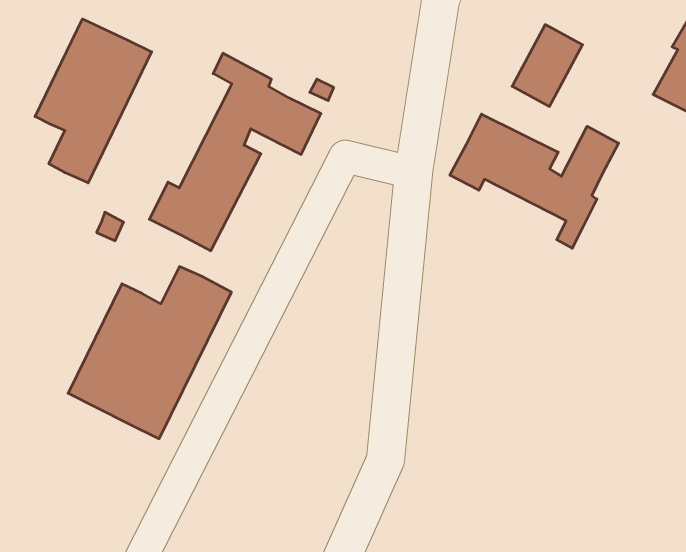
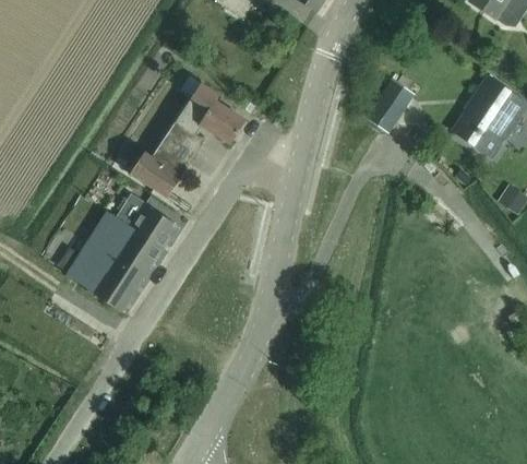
building: [35,19,152,183] -> none
building: [450,114,619,248] -> none

